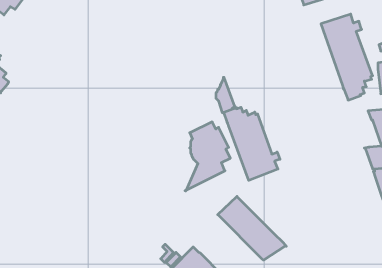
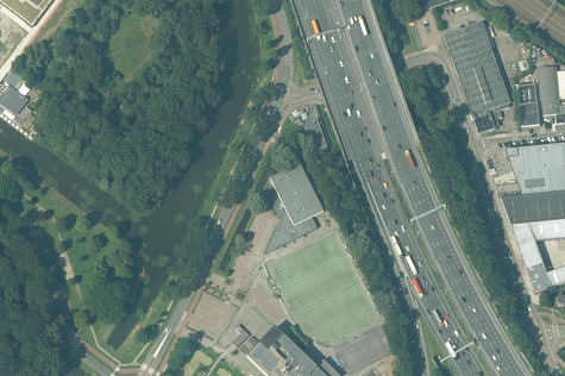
building: [224,107,280,180] -> none
building: [218,196,286,260] -> none

